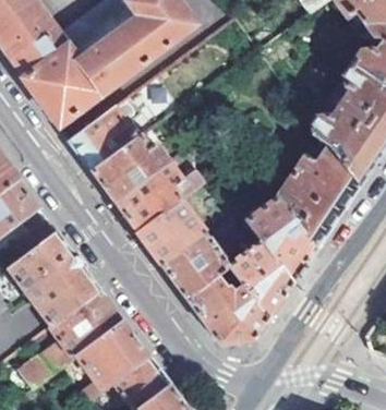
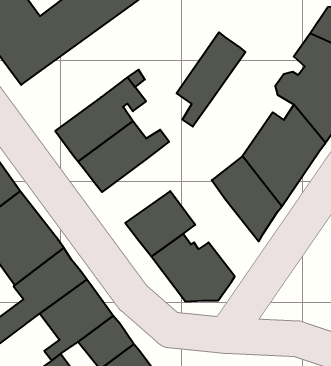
building: none -> [177,32,245,127]
building: [68,96,140,171] -> none
building: [137,200,205,263] -> none
building: [230,240,293,316] -> none

